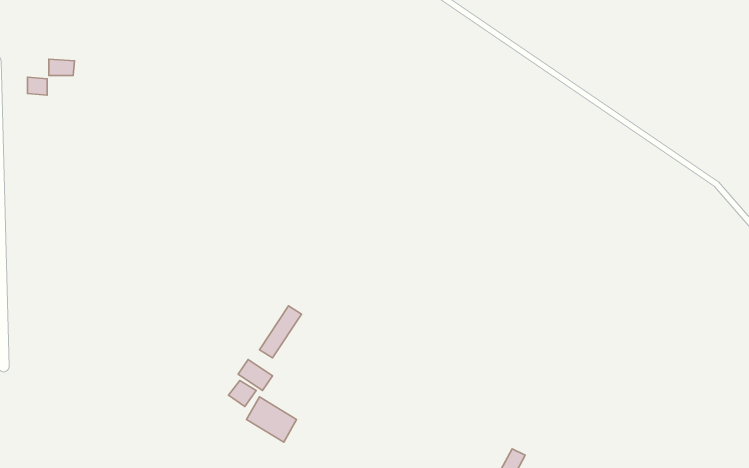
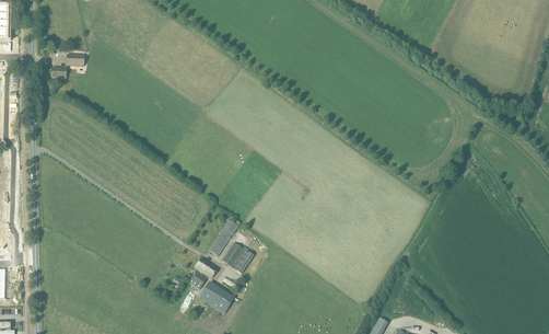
building: none -> [220,242,252,274]

